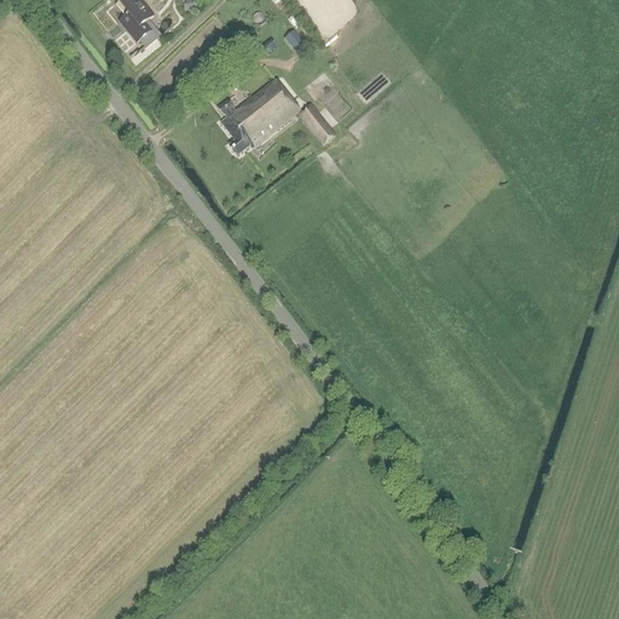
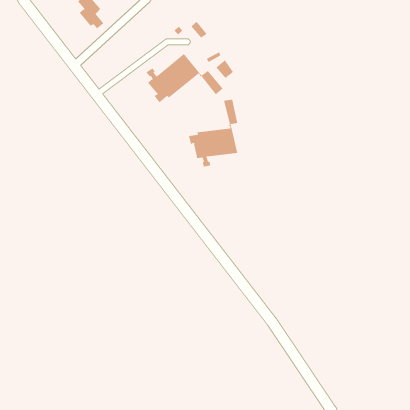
building: none -> [188,99,238,168]

